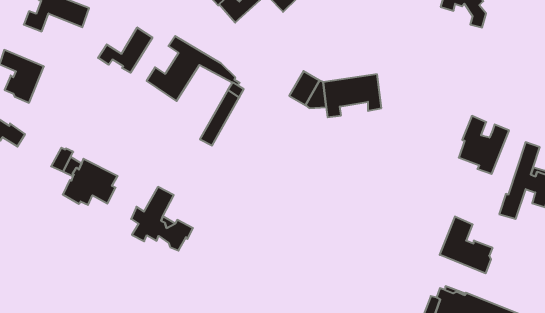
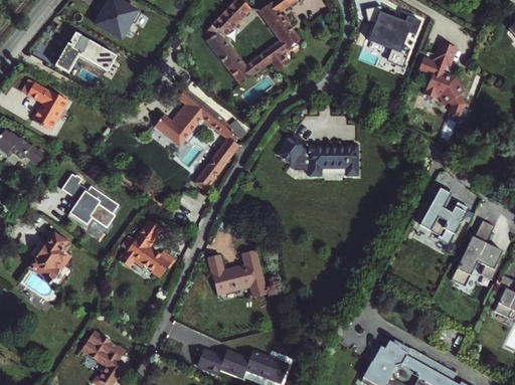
building: [98,27,152,73] -> none
building: none -> [202,254,266,302]
building: none -> [30,230,71,284]
building: [440,216,492,273] -> none

